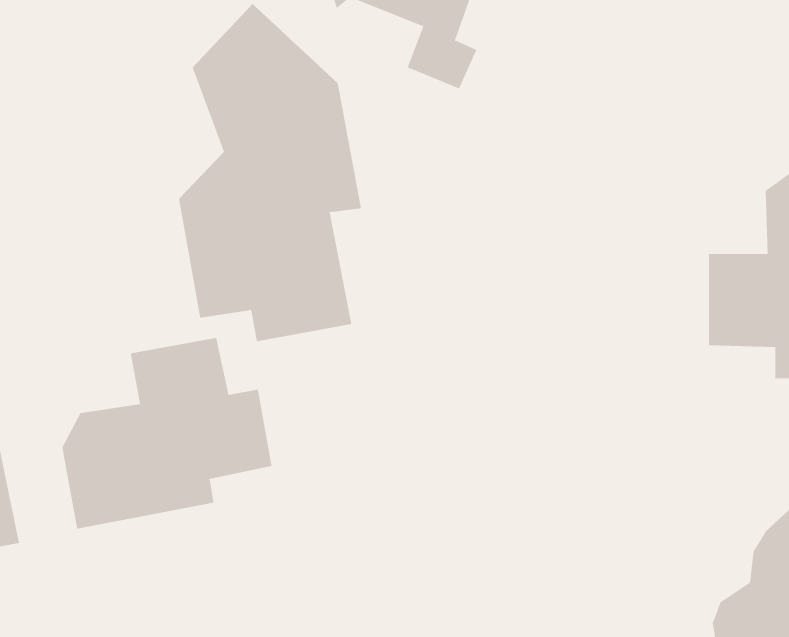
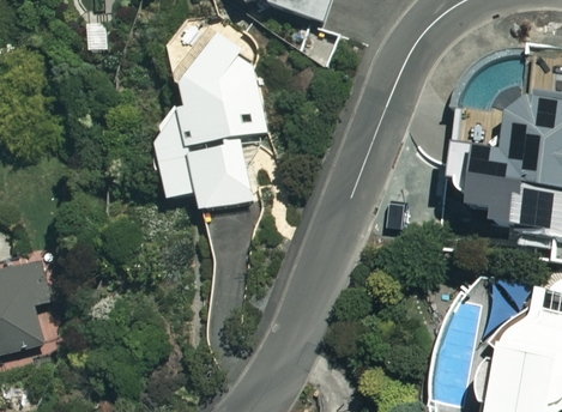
building: [62,337,272,530] -> none

